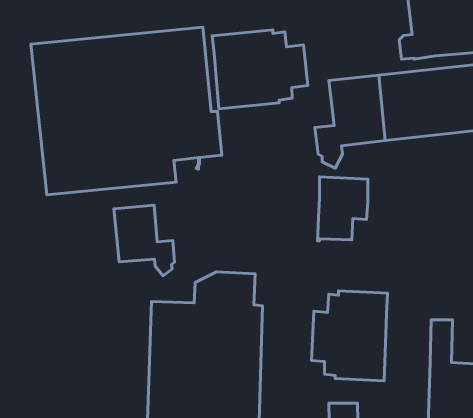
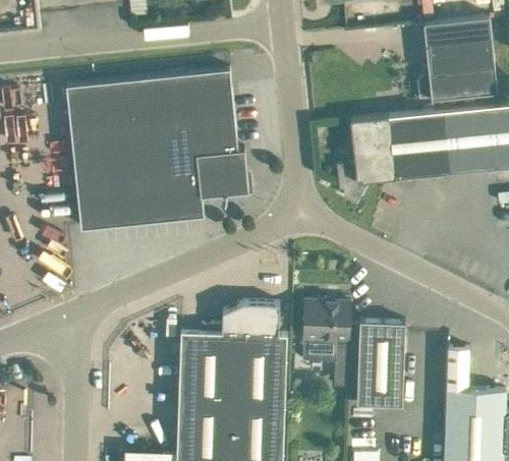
building: [212,30,308,109] -> none
building: [317,177,368,241] -> [302,301,350,362]
building: [114,205,174,276] -> none

